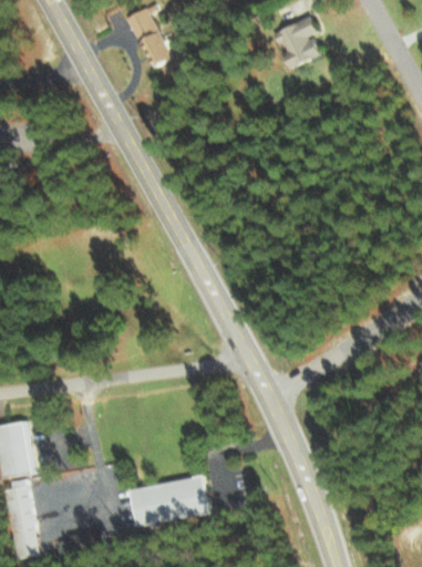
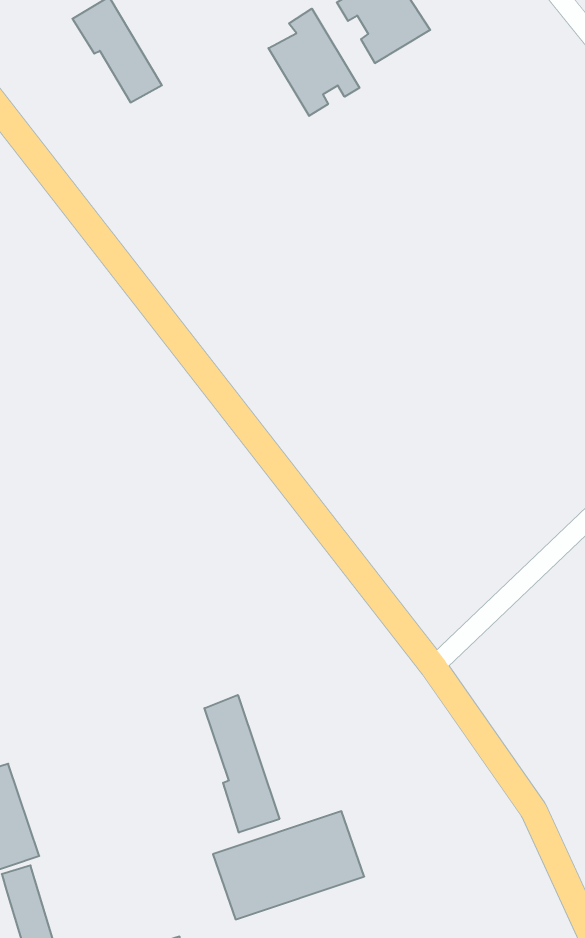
building: none -> [268,9,359,116]
building: none -> [204,695,279,833]

